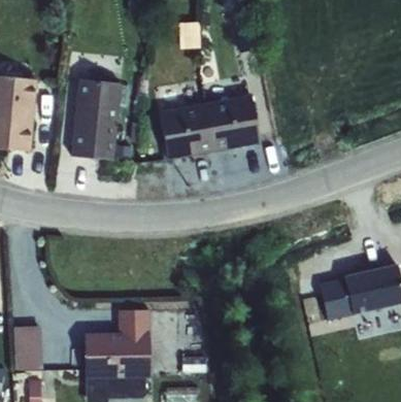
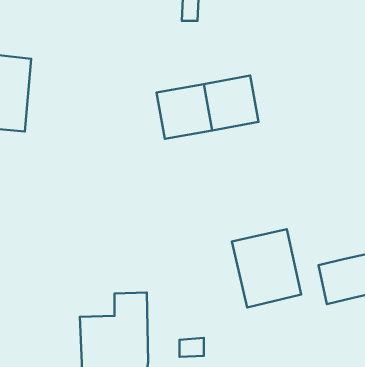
building: [71,78,121,160] -> none
building: none -> [232,229,301,308]
building: [13,323,42,369] -> none

